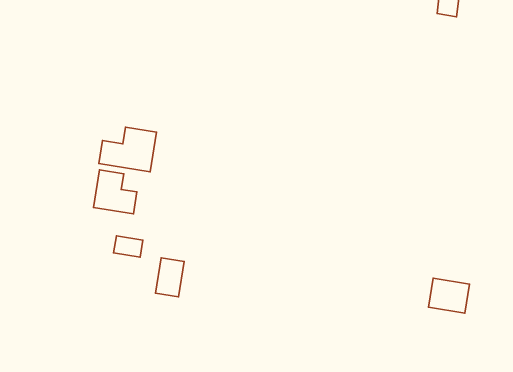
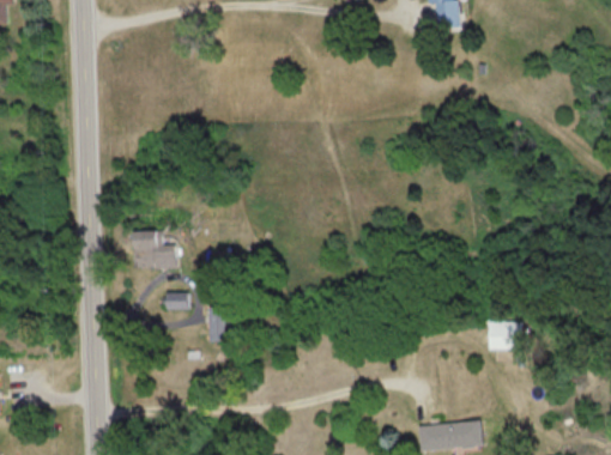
building: [99,127,157,172] -> none
building: [429,278,470,313] -> [488,322,524,351]

